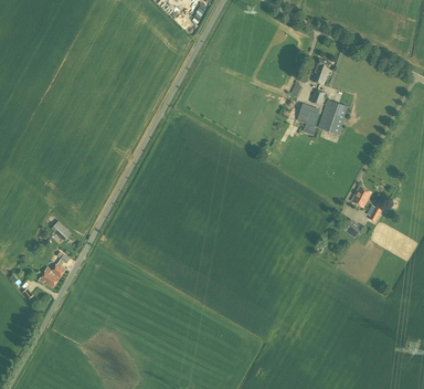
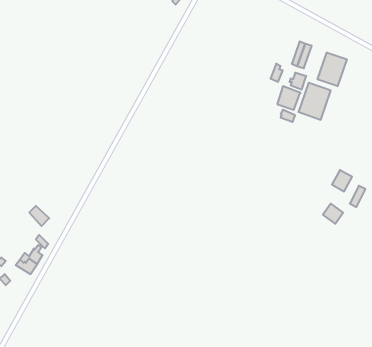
building: none -> [318,52,347,86]

